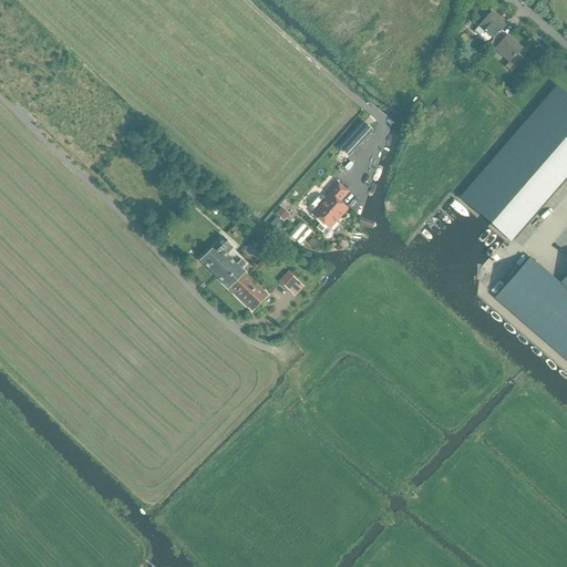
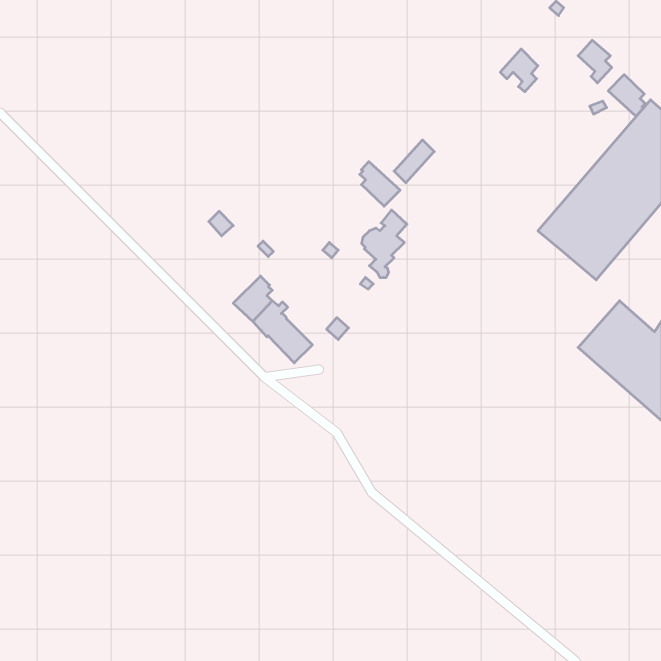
building: [474,11,506,48] -> [500,49,538,92]
building: none -> [608,75,645,116]
building: none -> [360,162,400,206]

